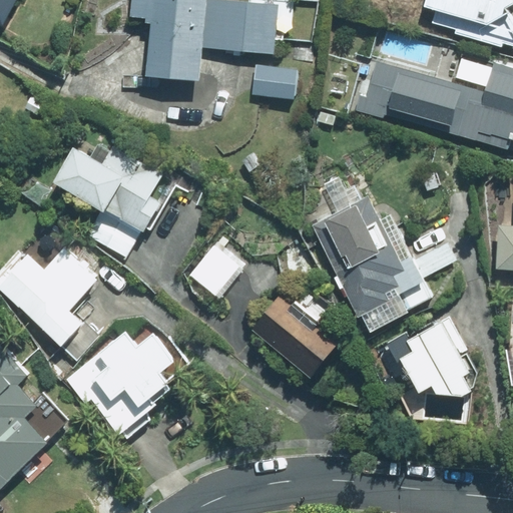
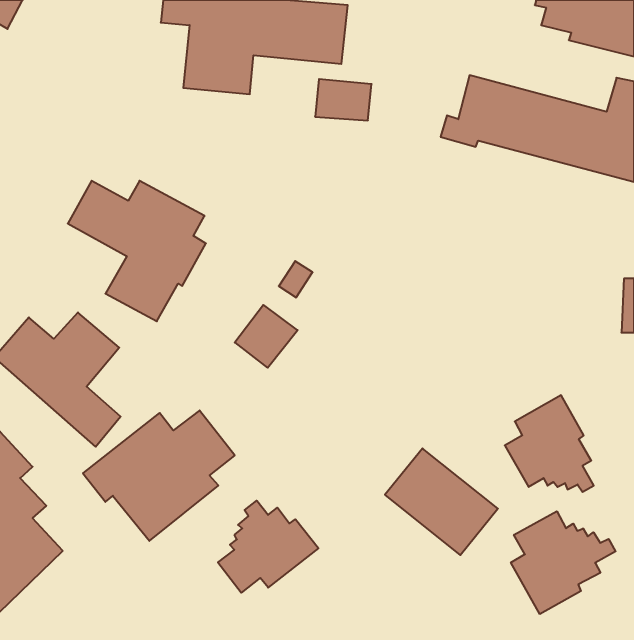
building: [310,194,407,319] -> none
building: [251,292,342,377] -> [385,448,498,555]
building: none -> [218,501,318,593]
building: none -> [511,511,616,614]

